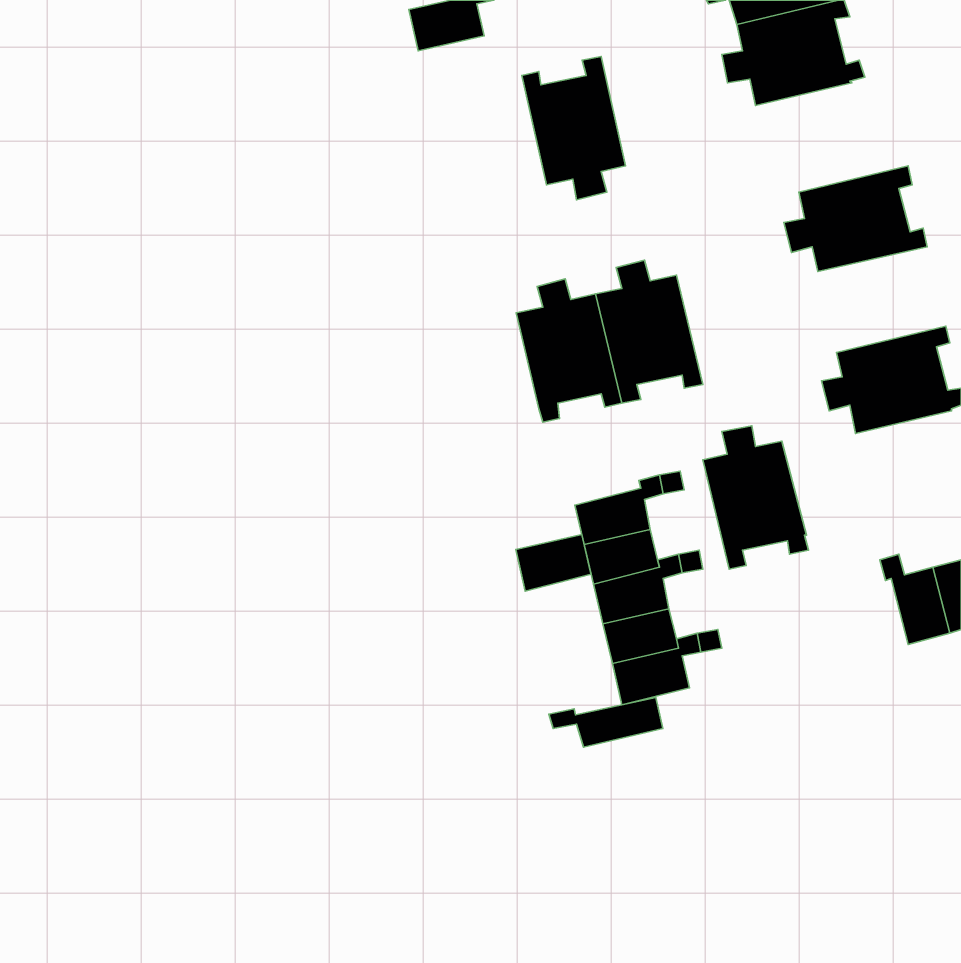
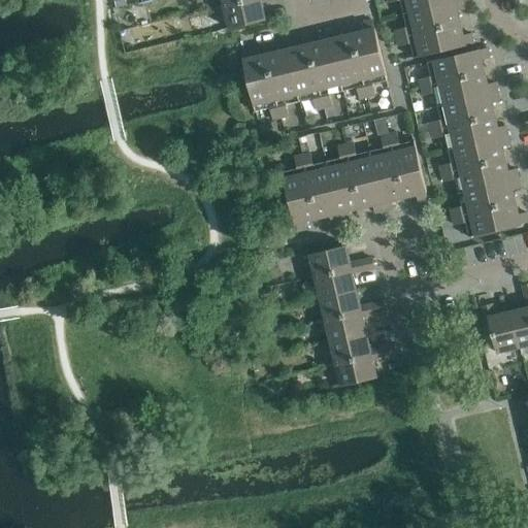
building: none -> [329,21,387,99]
building: none -> [241,41,299,120]
building: none -> [419,47,497,105]
building: none -> [439,135,518,193]
building: [703,426,808,569] -> [370,132,428,210]
building: [516,535,591,591] -> [309,245,351,276]
building: [549,697,663,747] -> none

